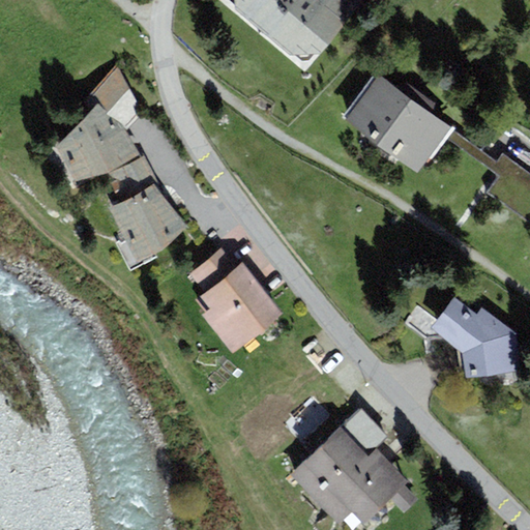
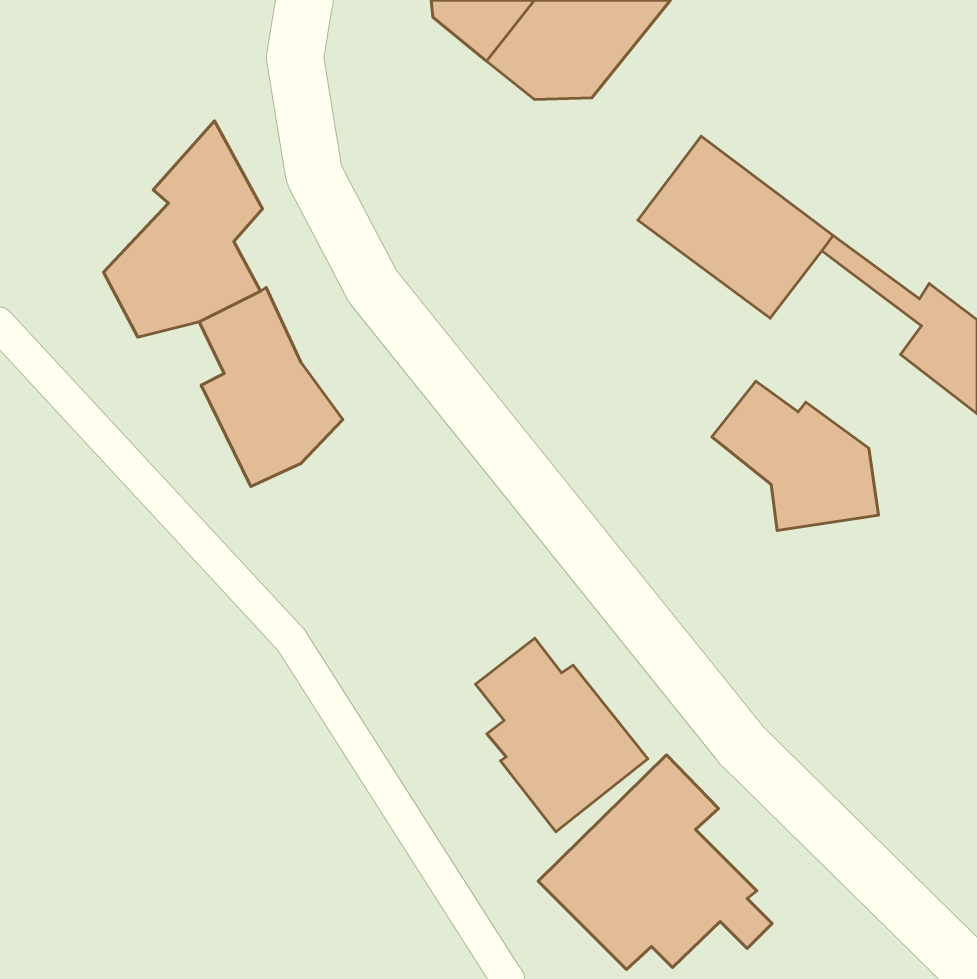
building: [188,248,282,353] -> [475,638,648,832]
building: [430,297,520,378] -> [712,381,879,531]

